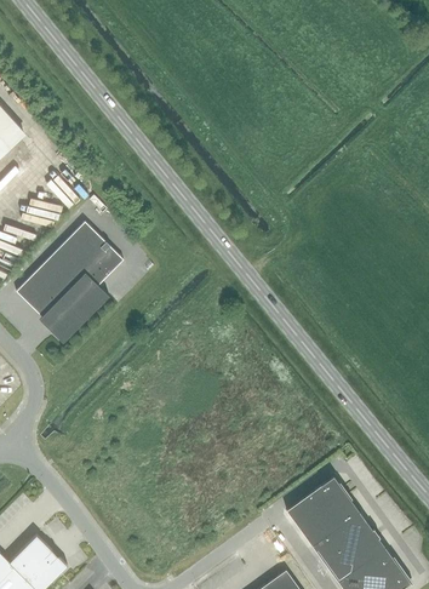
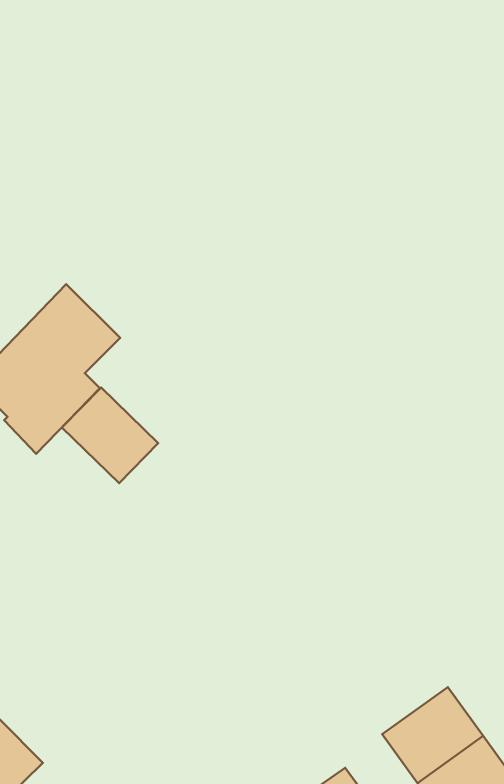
building: none -> [62,387,158,483]
building: [286,476,359,547] -> none

